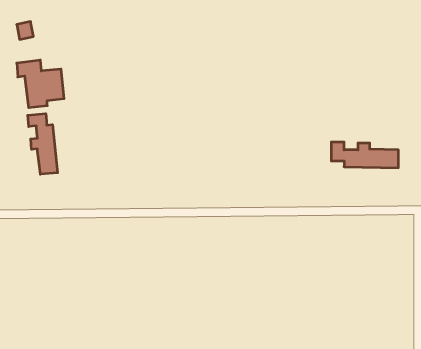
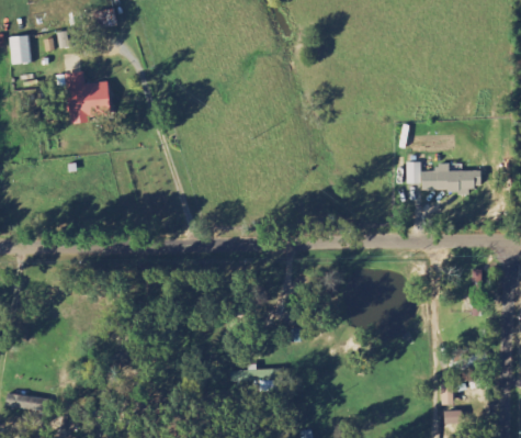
building: [28,114,58,174] -> none

